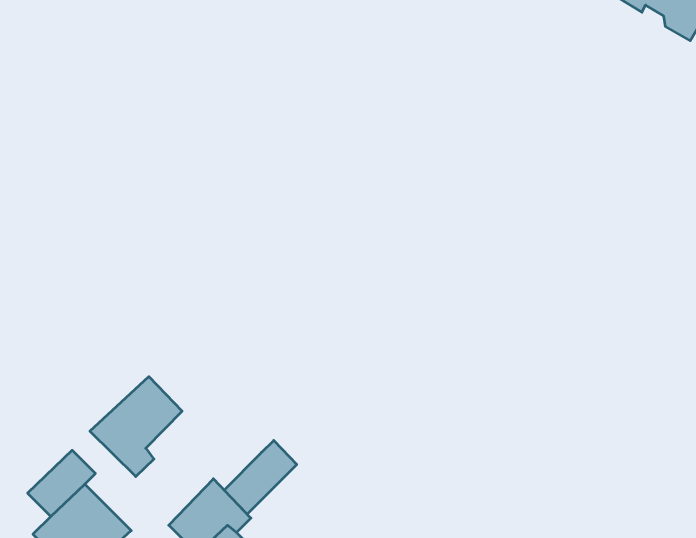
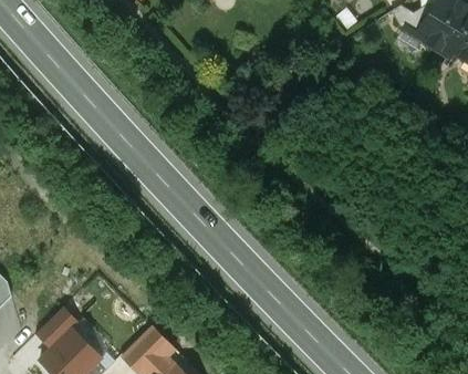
building: [90,377,182,477] -> none
building: [224,440,297,514] -> none

